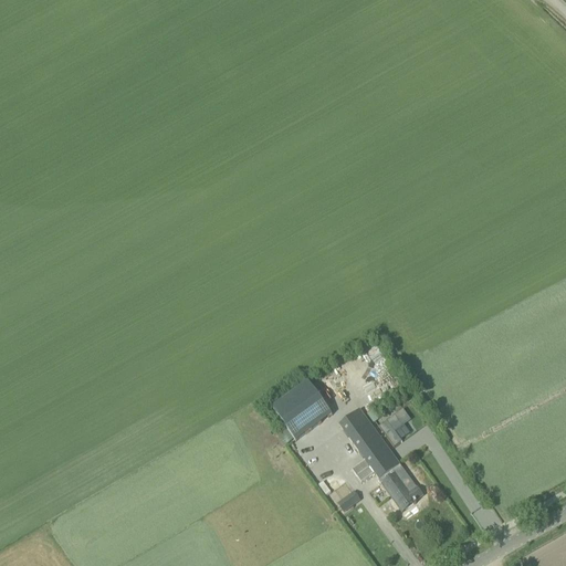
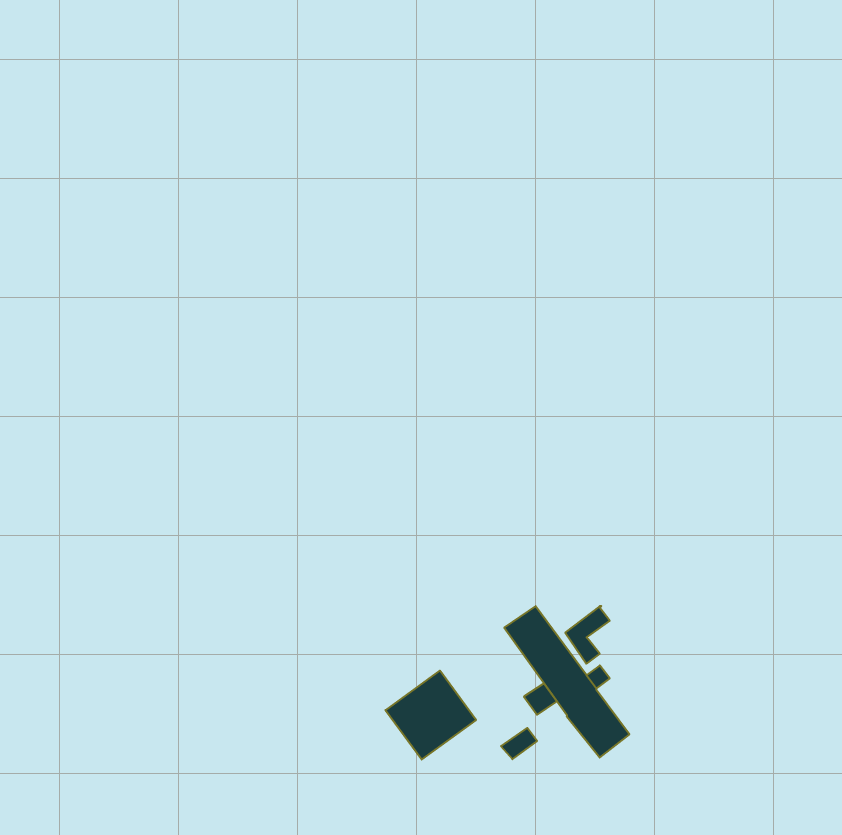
building: [271,379,332,439] -> [385,671,476,760]

